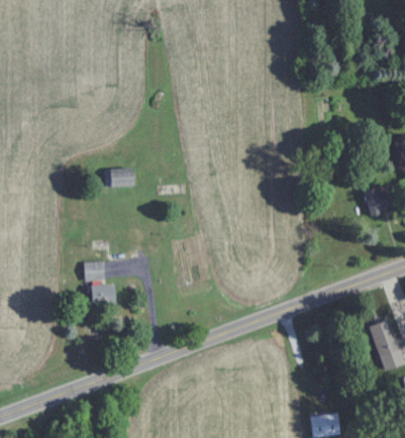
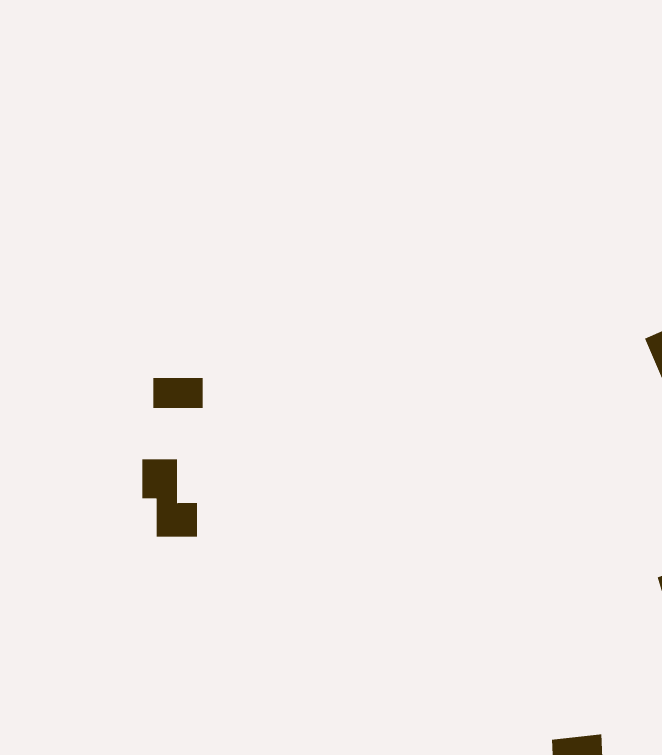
building: [106,170,134,187] -> [152,378,203,409]

